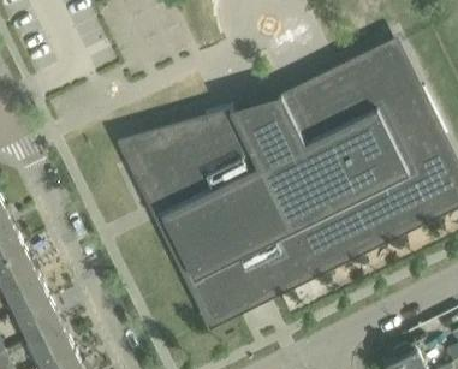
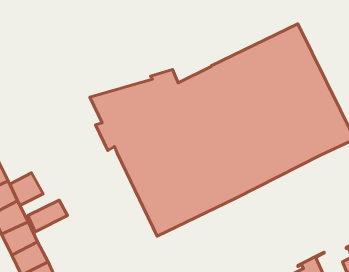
building: none -> [10,173,43,206]
building: none -> [28,200,67,232]

